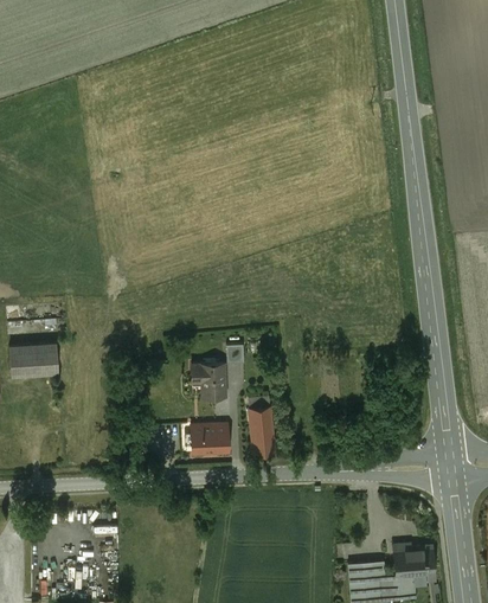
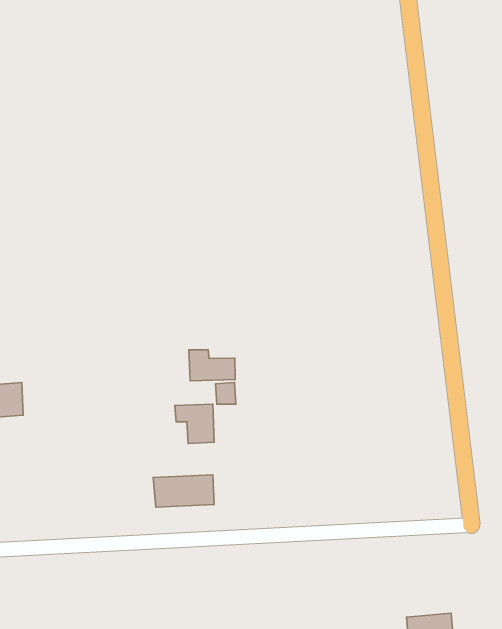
building: none -> [189,350,235,381]
building: [249,405,275,460] -> none

